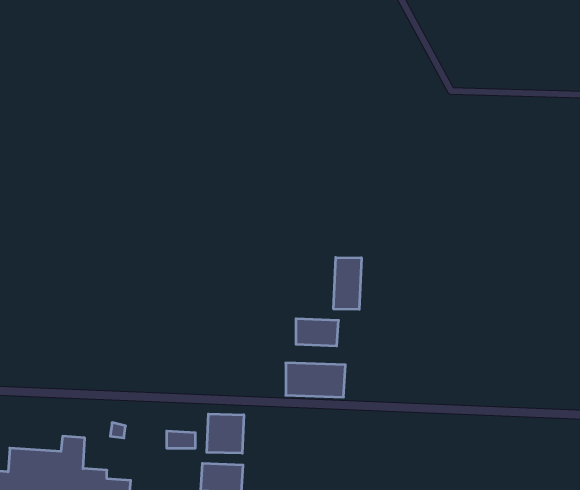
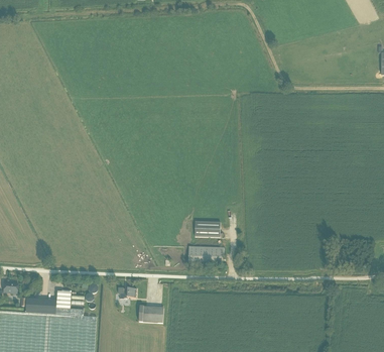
building: [334,257,361,309] -> none
building: [207,414,244,453] -> none

